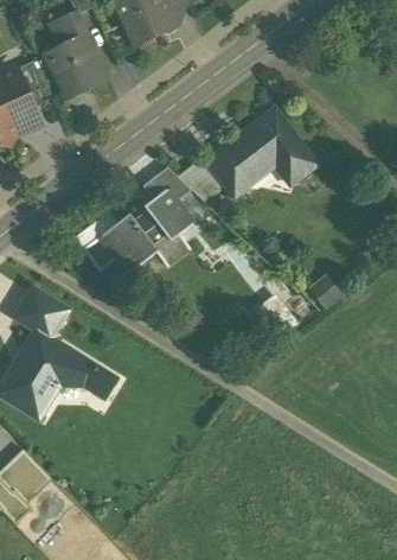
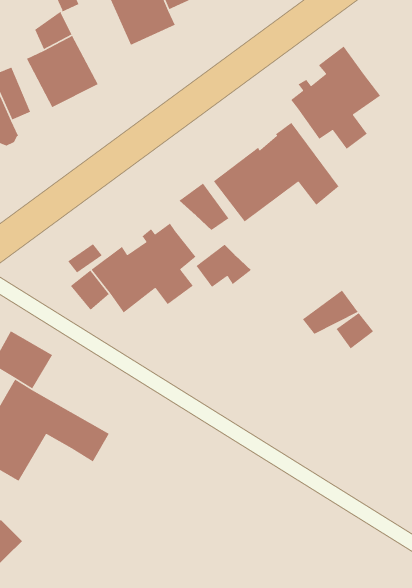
building: none -> [290,46,381,150]
building: [141,167,190,205] -> [195,244,252,288]
building: none -> [302,289,359,335]

